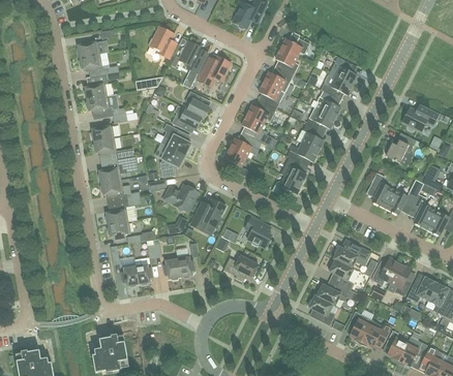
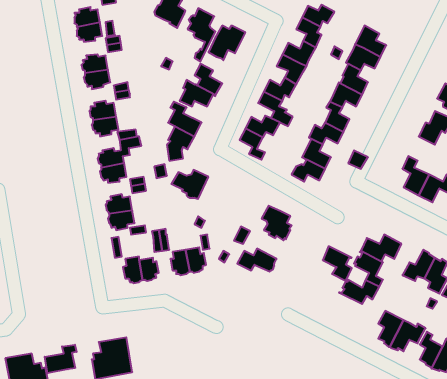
building: [189,198,224,230] -> none
building: [308,294,334,325] -> [323,246,352,281]
building: none -> [45,345,77,373]

